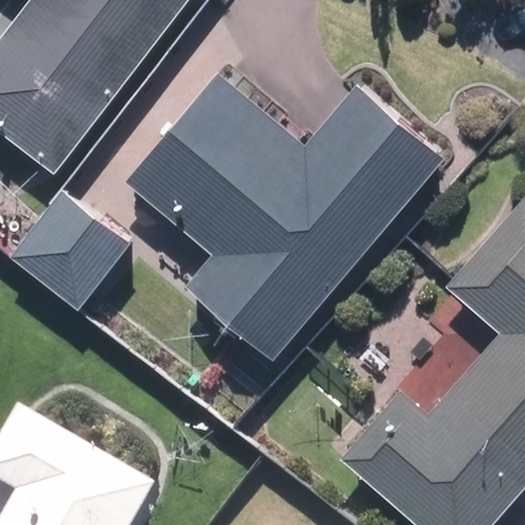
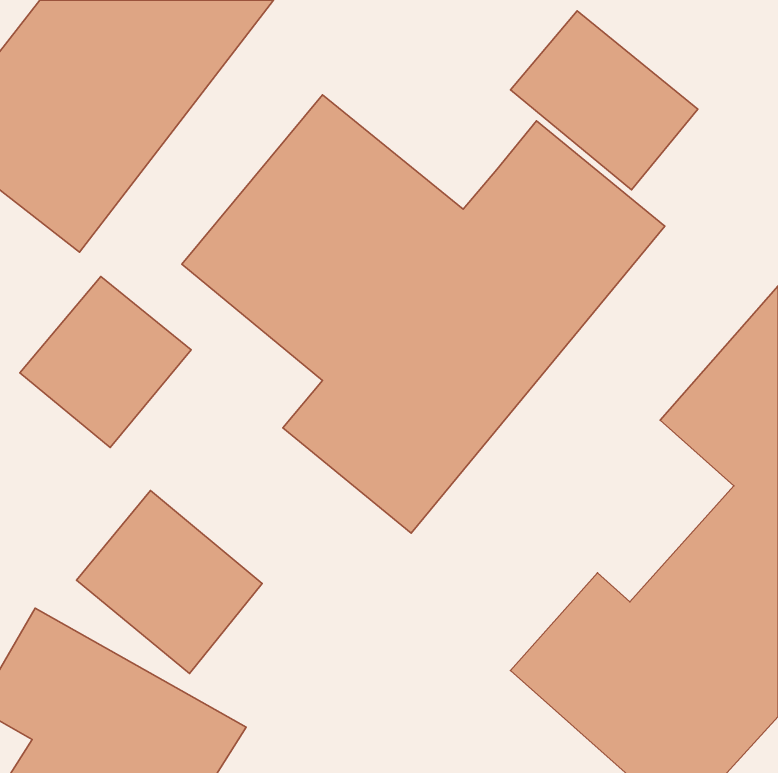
building: none -> [510,11,698,190]
building: none -> [76,490,262,674]

